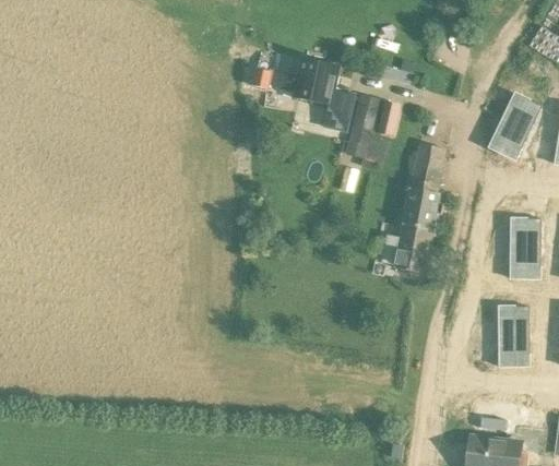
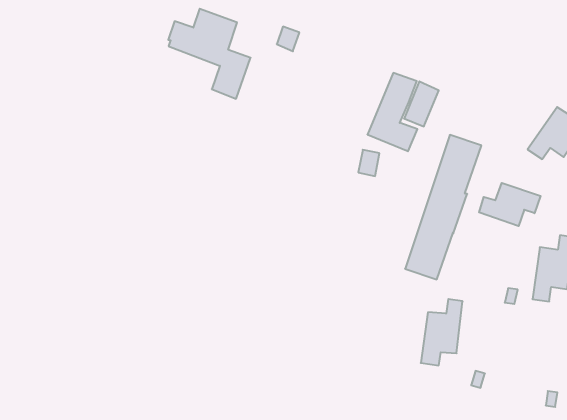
building: [277,56,353,131] -> [168,9,251,99]
building: none -> [479,183,541,226]
building: [498,304,528,365] -> [421,299,463,365]

